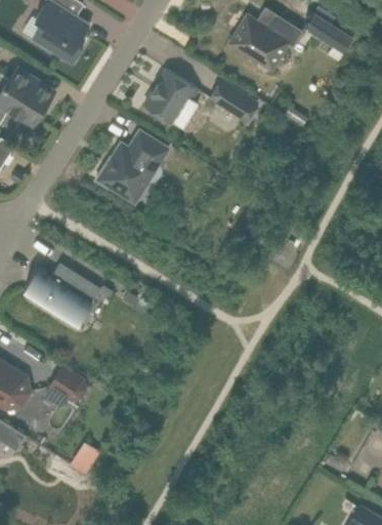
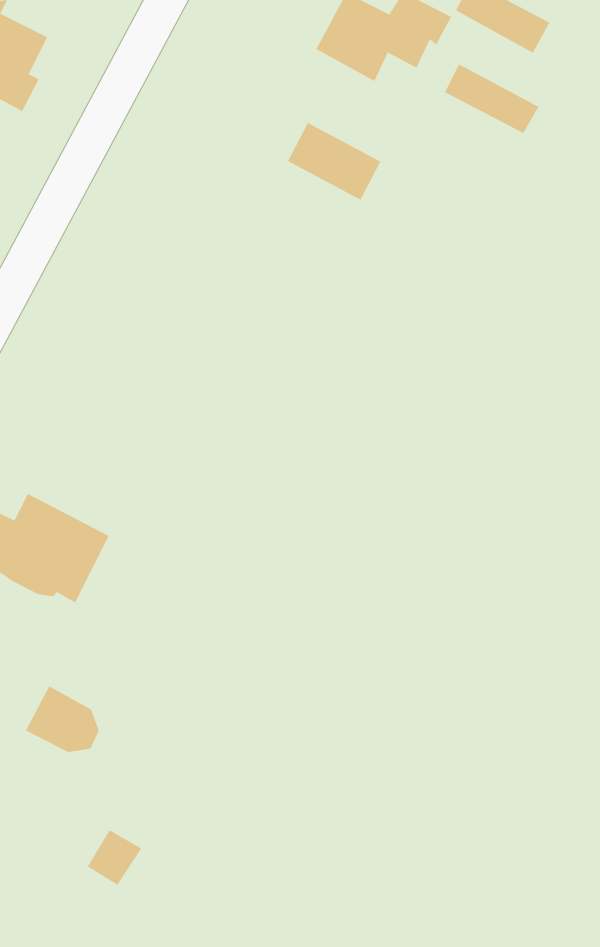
building: none -> [444,64,539,134]
building: [144,70,198,122] -> none
building: [95,130,168,199] -> none

